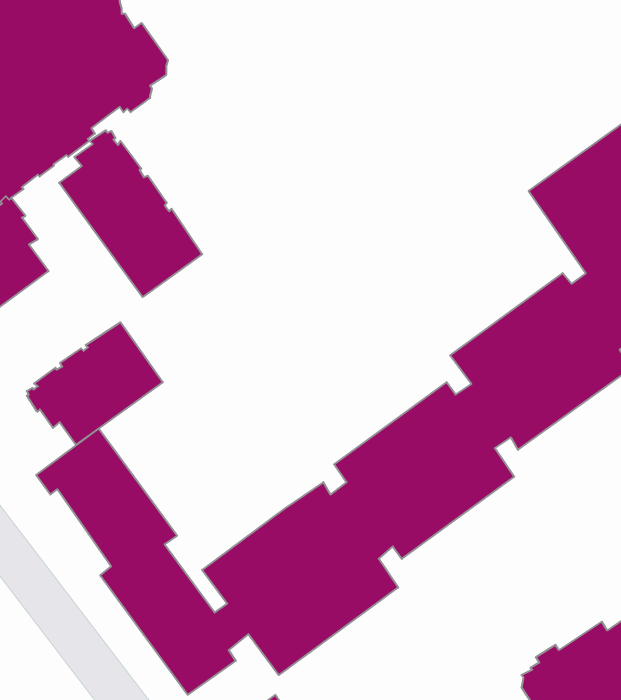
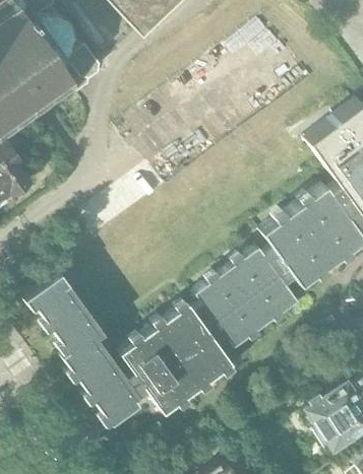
building: [59,130,202,297] -> none
building: [27,322,163,445] -> none

